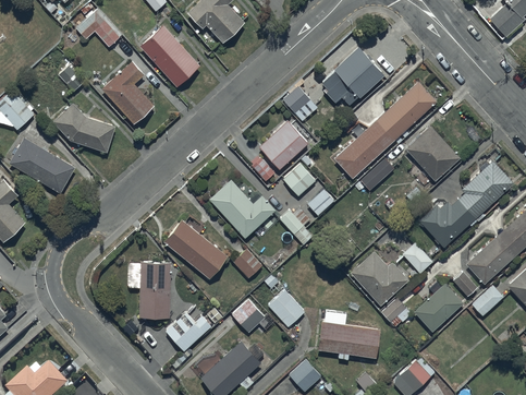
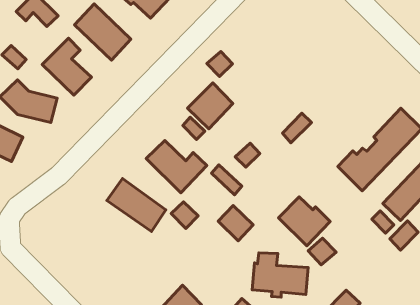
building: [322,47,384,105] -> none
building: [334,83,437,179] -> none
building: [406,127,461,181] -> none
building: [283,165,315,196] -> none
building: [402,242,433,274] -> none
building: [135,262,171,319] -> none
building: [414,283,464,333] -> none
building: [267,288,305,327] -> [218,205,253,241]
building: [232,298,266,333] -> none
building: [166,312,212,351] -> none

